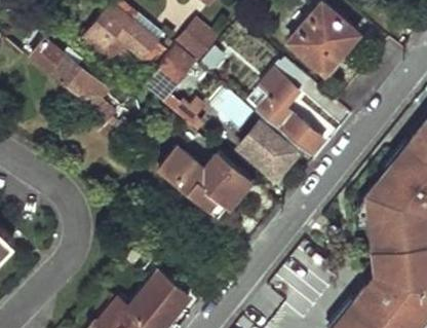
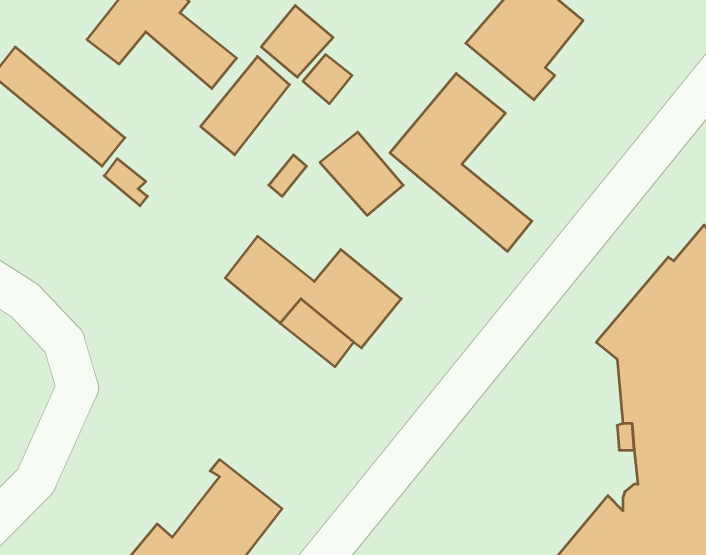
building: [240,120,298,177] -> none

